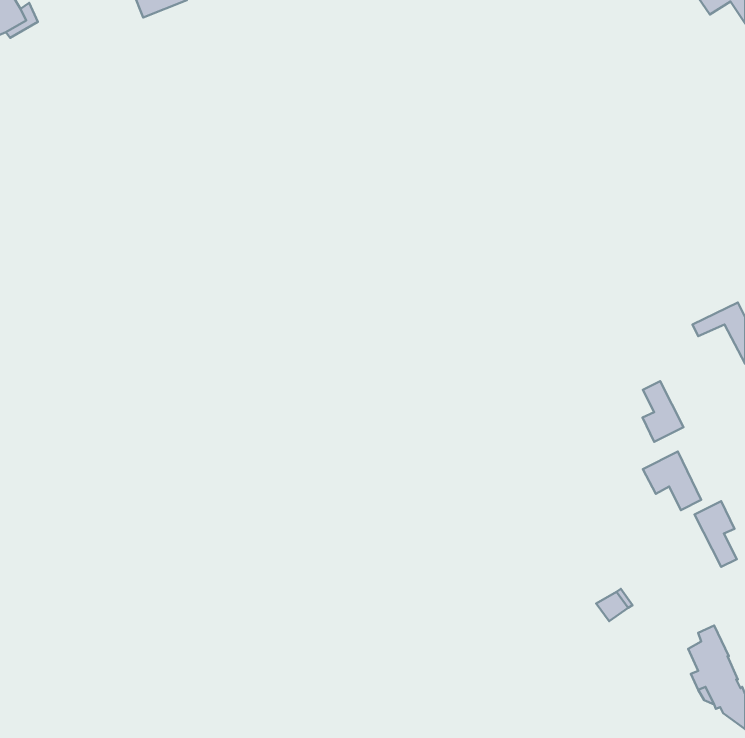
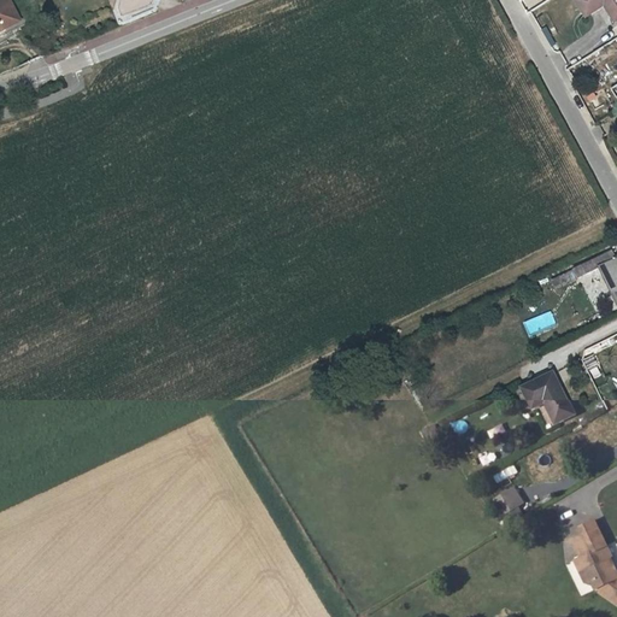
building: [642,381,684,442] -> none
building: [694,501,737,567] -> none

